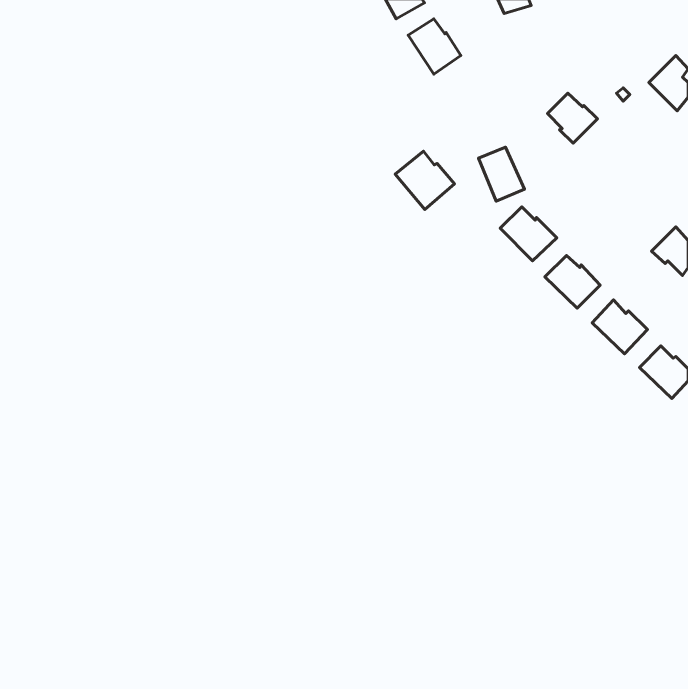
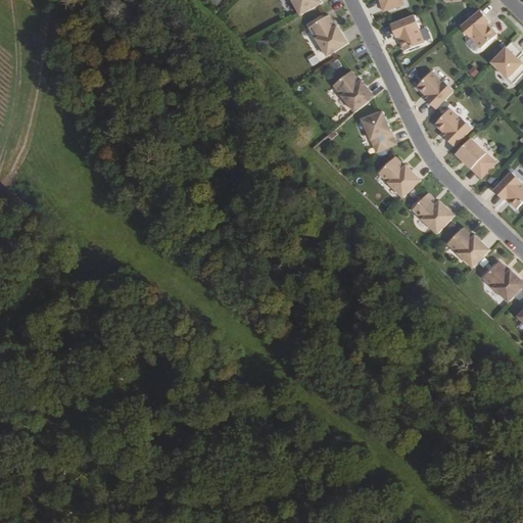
building: none -> [460,10,494,48]
building: none -> [389,15,423,50]
building: none -> [432,108,469,146]
building: [395,151,455,209] -> [330,69,375,113]
building: none -> [453,140,495,180]

